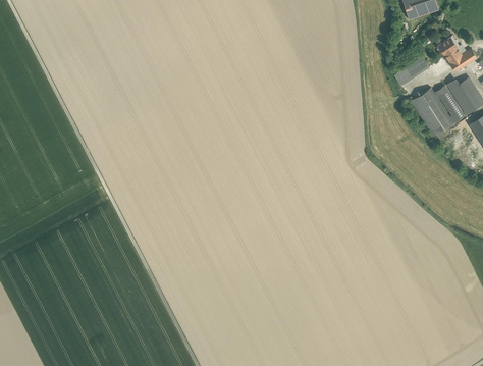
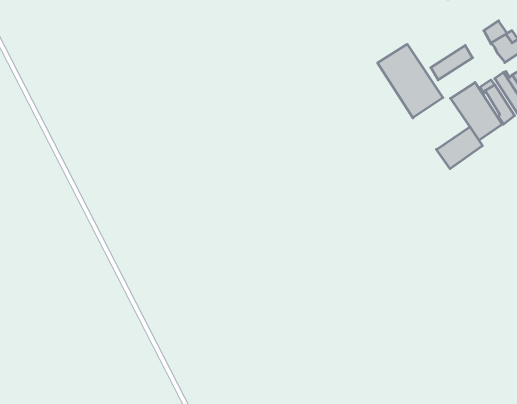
building: none -> [378,44,443,118]
building: none -> [436,127,482,169]

